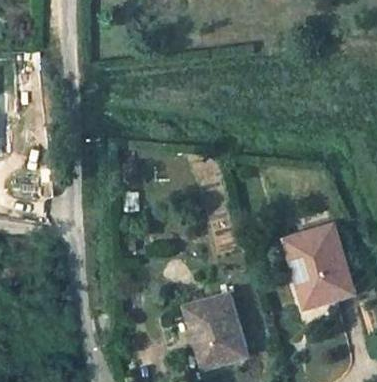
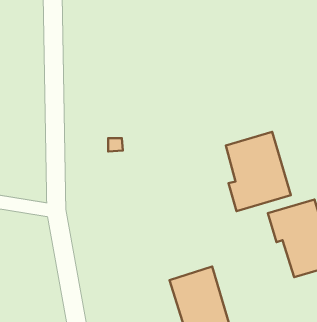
building: none -> [226,132,291,211]

